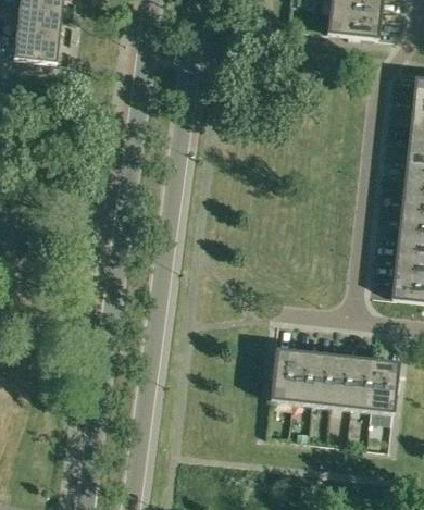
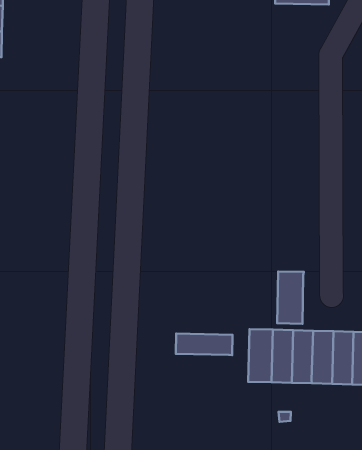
building: none -> [277,271,304,324]
building: none -> [176,333,233,355]

